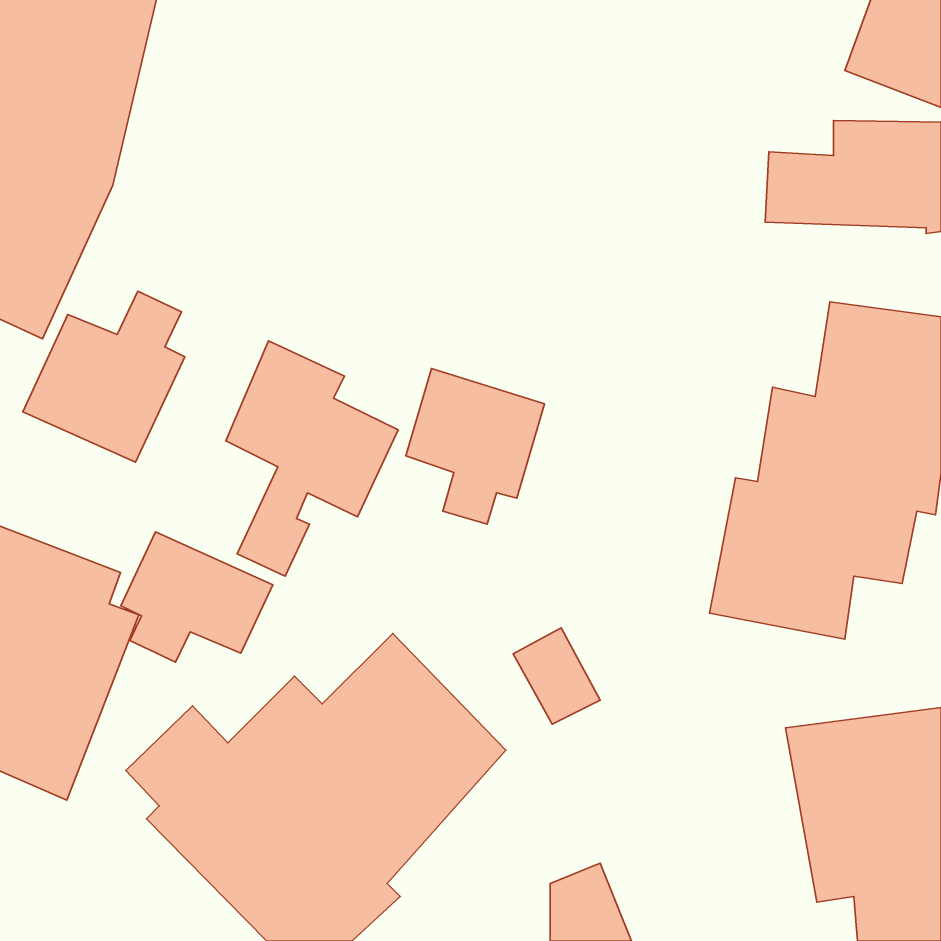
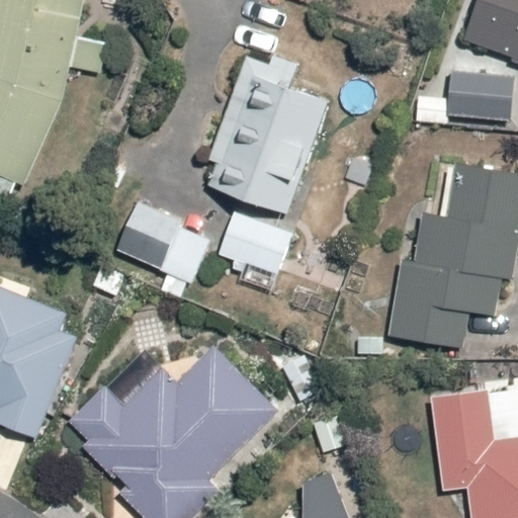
building: none -> [207,74,327,215]
building: [23,291,185,462] -> none
building: [121,532,273,662] -> none

